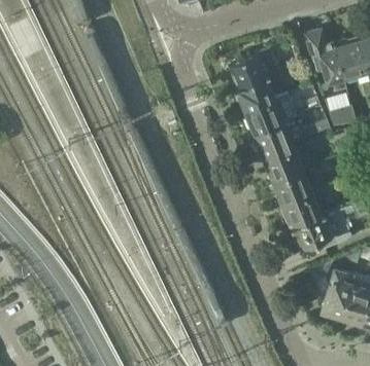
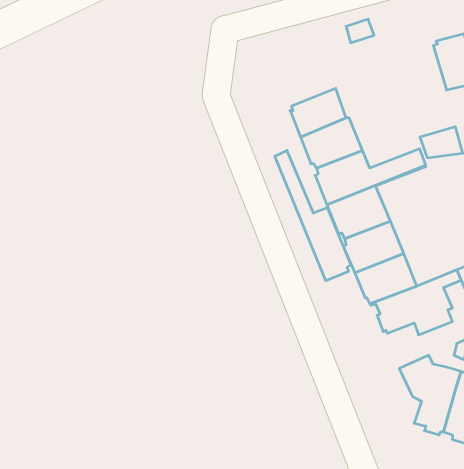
building: [306,32,348,96] -> none
building: [230,52,271,90] -> none
building: none -> [275,150,351,281]

